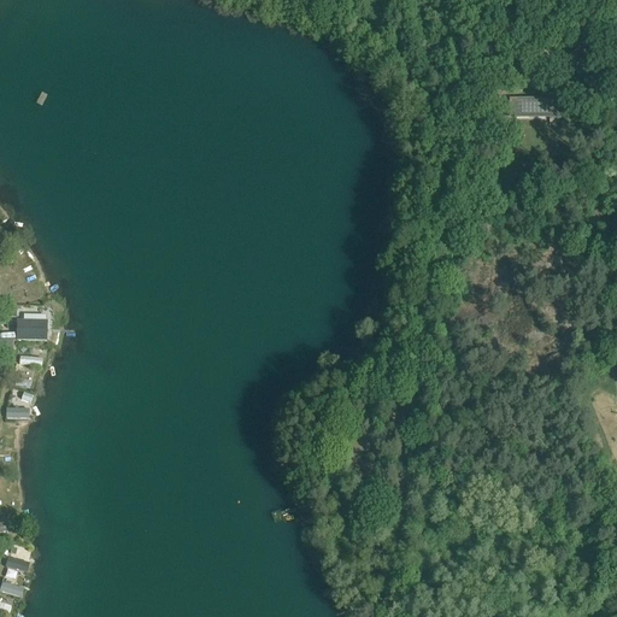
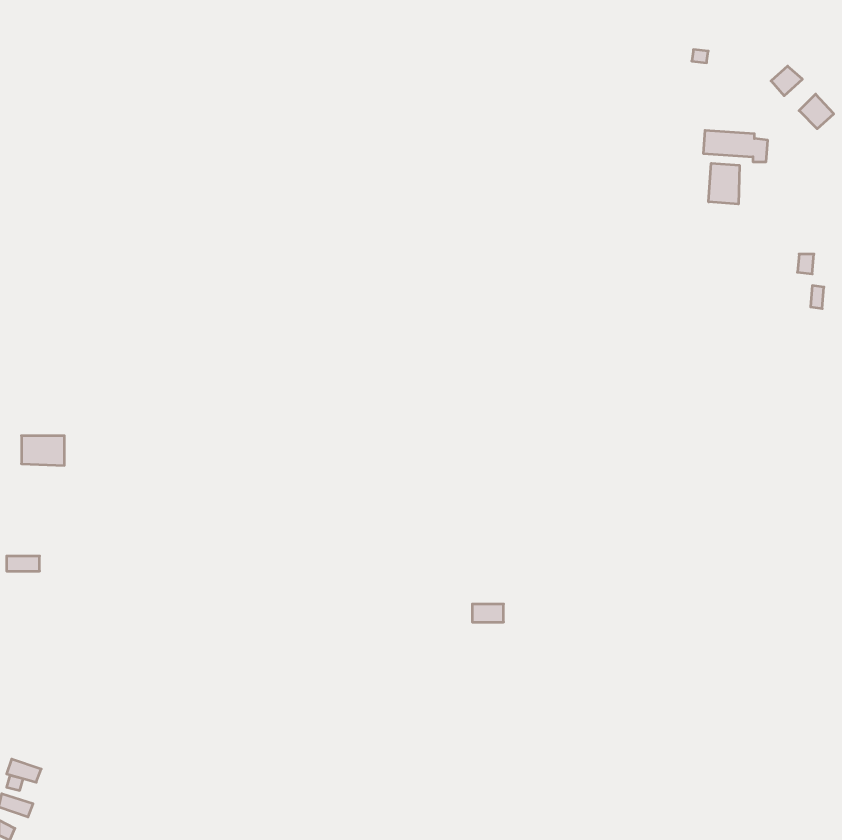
building: none -> [709,163,739,204]

